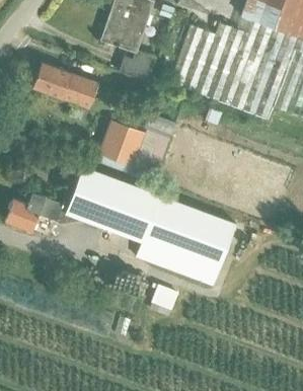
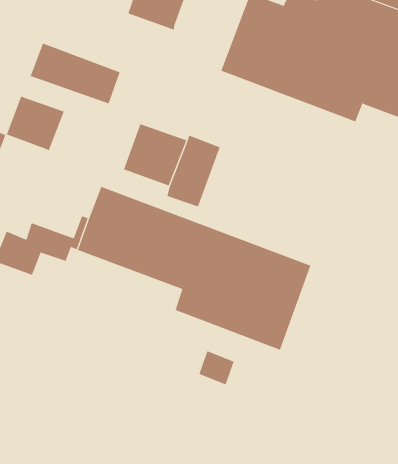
building: [120,50,156,81] -> none
building: none -> [6,96,65,151]

